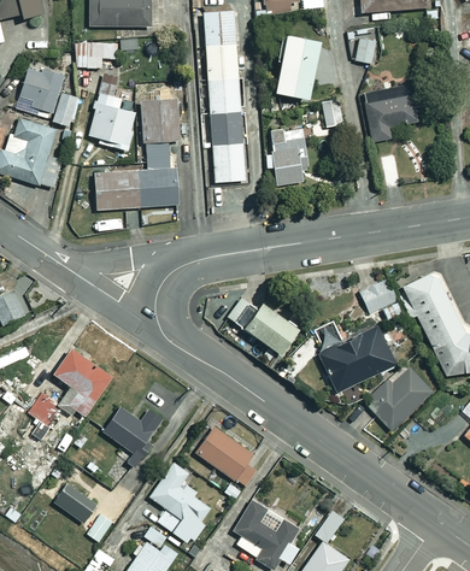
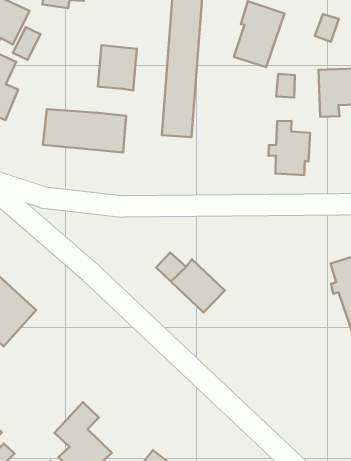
building: [90,93,136,149] -> none
building: [266,129,309,184] -> [269,121,310,175]
building: [147,141,177,169] -> none
building: [360,278,398,312] -> none
building: [318,323,395,392] -> none
building: [364,366,433,430] -> none
building: [104,407,166,466] -> none
building: [196,425,263,485] -> none

